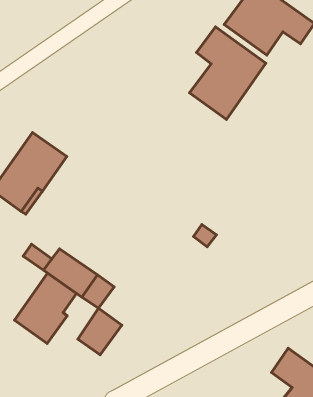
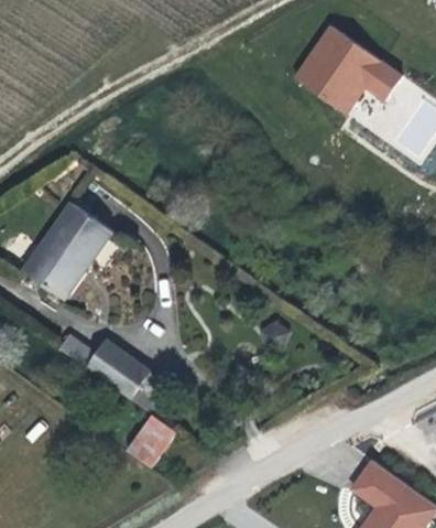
building: [190,27,266,119] -> none
building: [14,273,76,344] -> none

